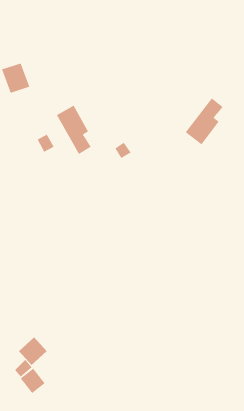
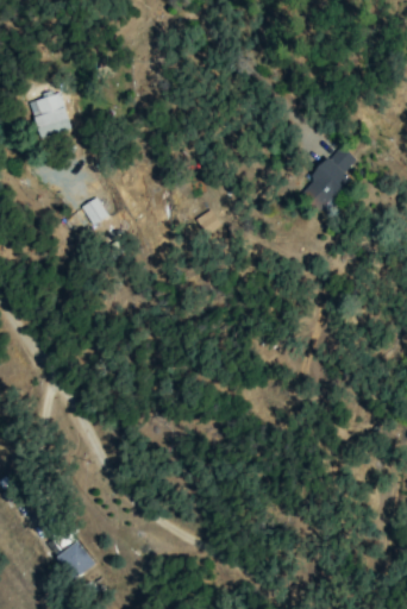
building: [56,105,91,155] -> none
building: [18,336,47,366] -> none

